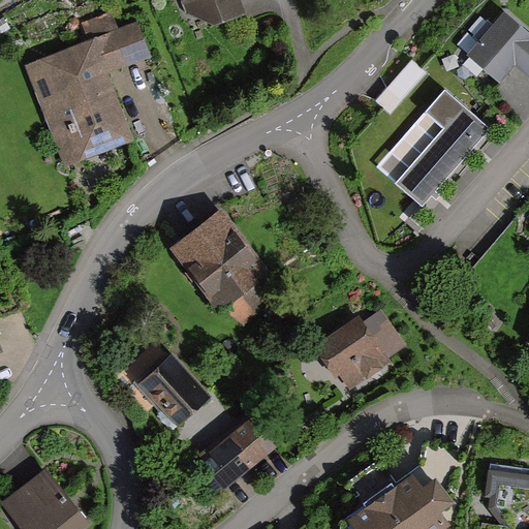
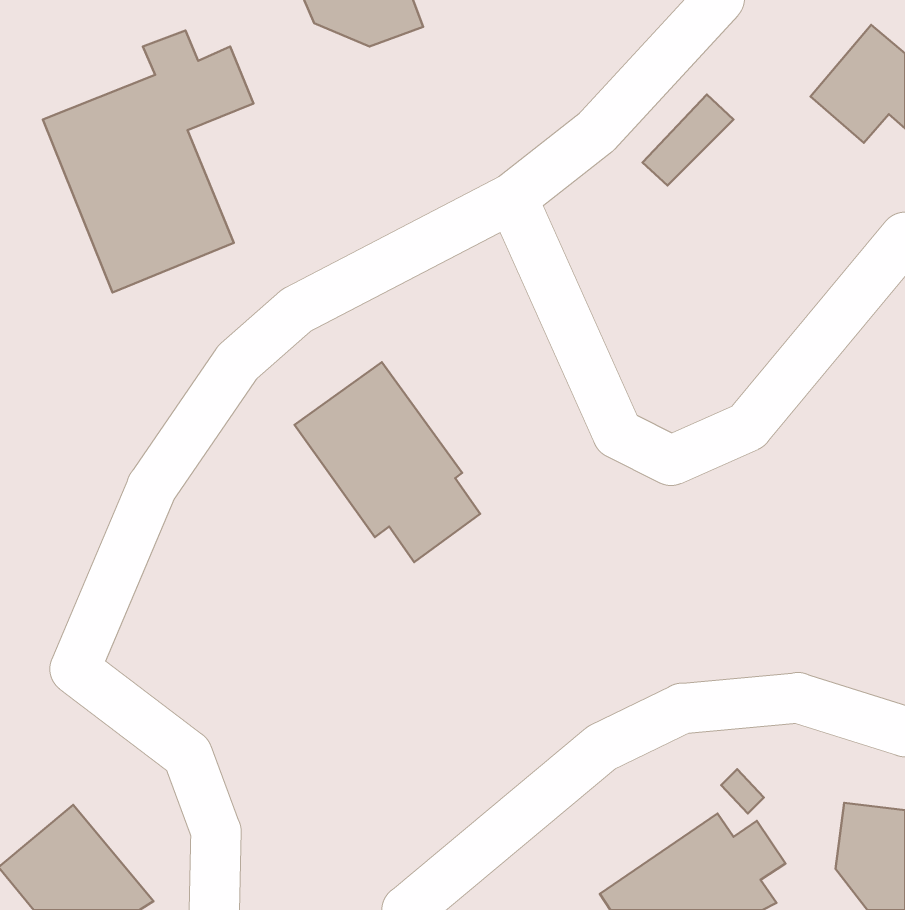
building: [376,87,491,200] -> none
building: [318,314,402,387] -> none
building: [121,346,209,426] -> none
building: [198,417,277,491] -> none

